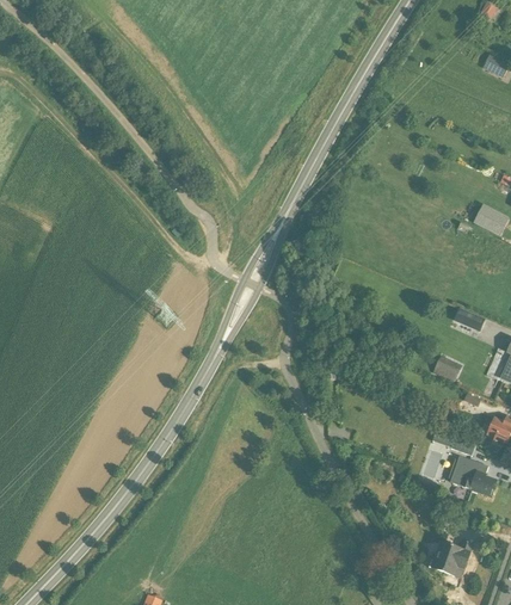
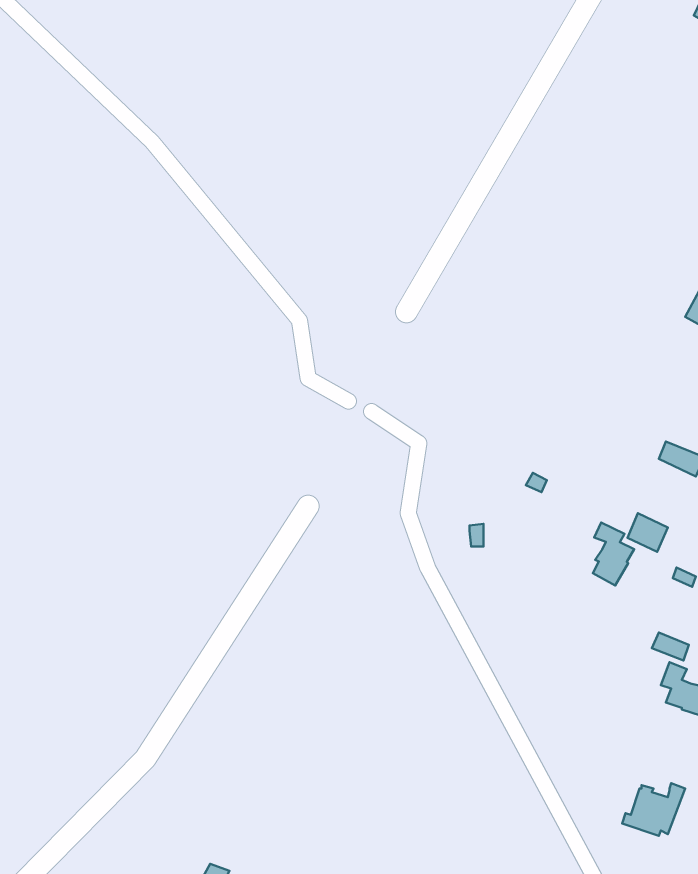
building: none -> [593,522,634,585]

